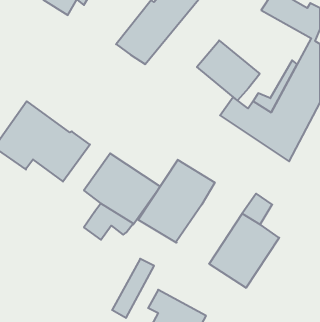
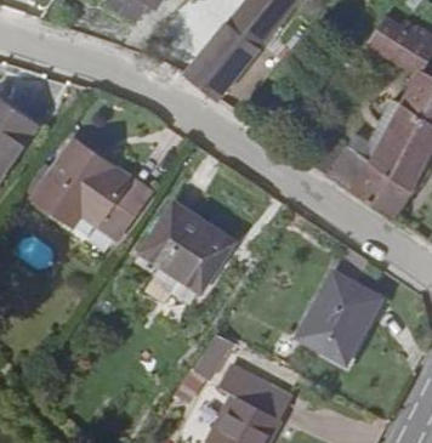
building: [197,40,260,100] -> none
building: [138,160,215,243] -> none

